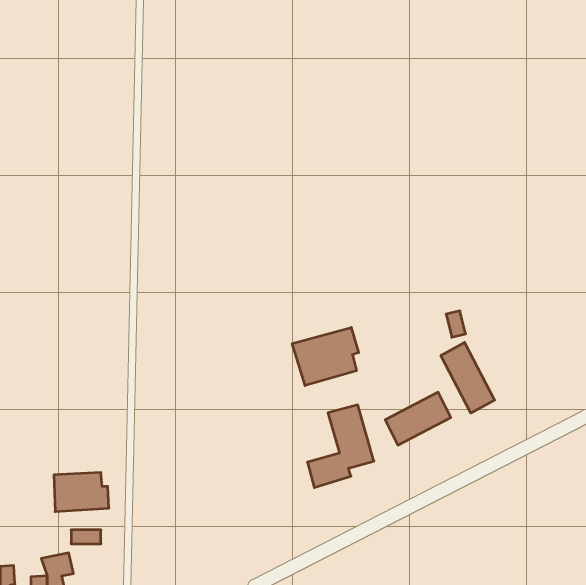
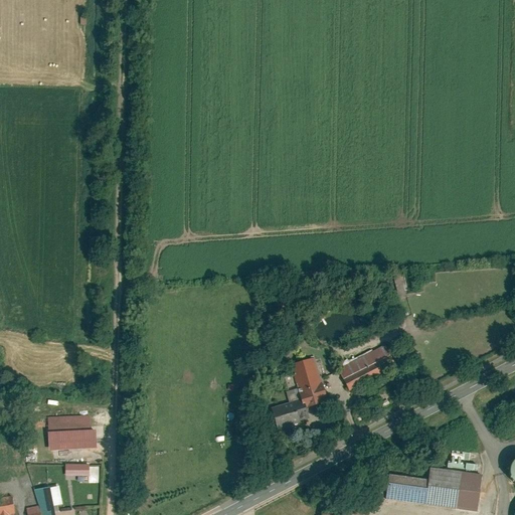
building: [292,327,359,386] -> none
building: [441,342,495,413] -> none
building: none -> [383,468,480,510]

